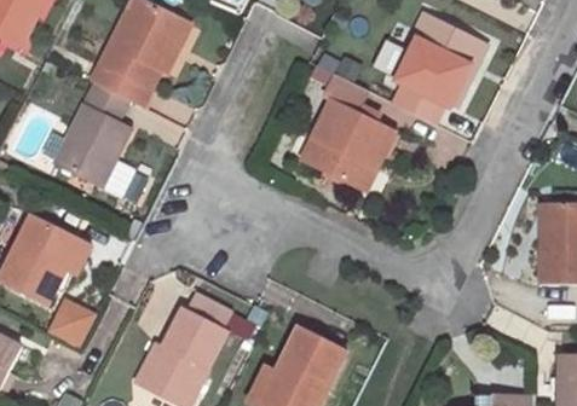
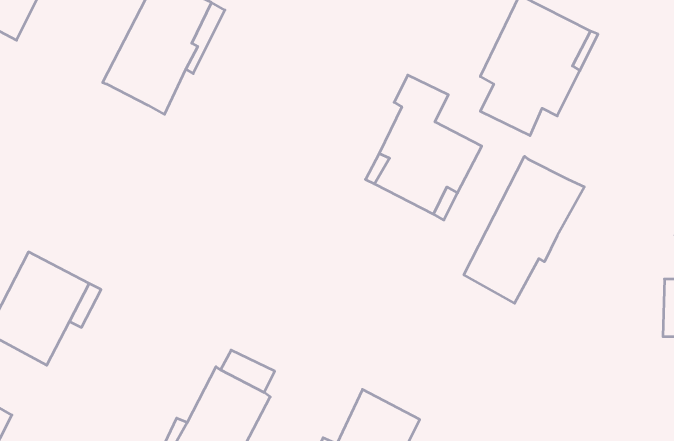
building: [53,82,131,196] -> none
building: none -> [464,156,584,303]
building: [48,295,98,346] -> none

